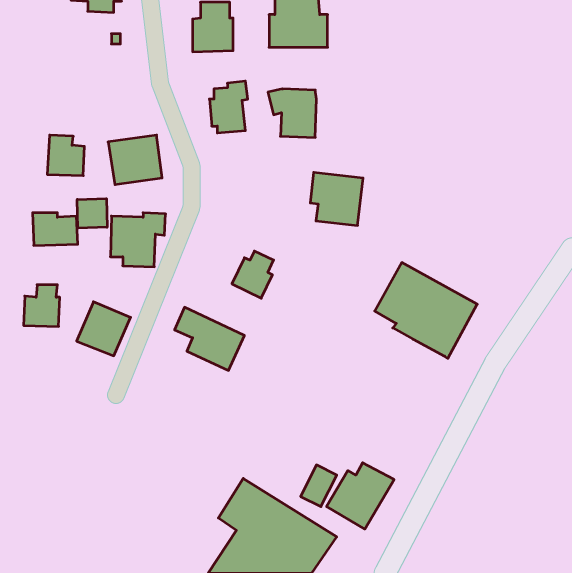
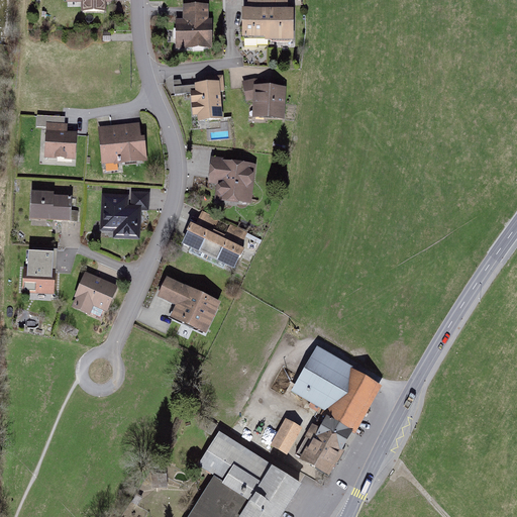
building: [310,172,363,225] -> [208,157,255,204]
building: [77,199,107,228] -> none
building: none -> [181,211,219,254]
building: [375,263,477,358] -> [291,346,383,432]

